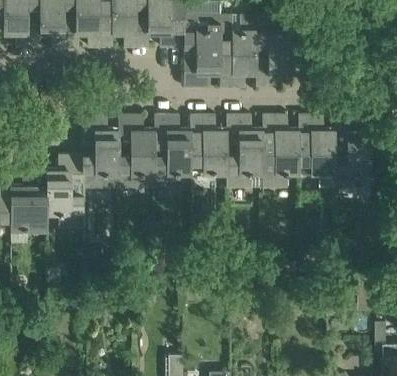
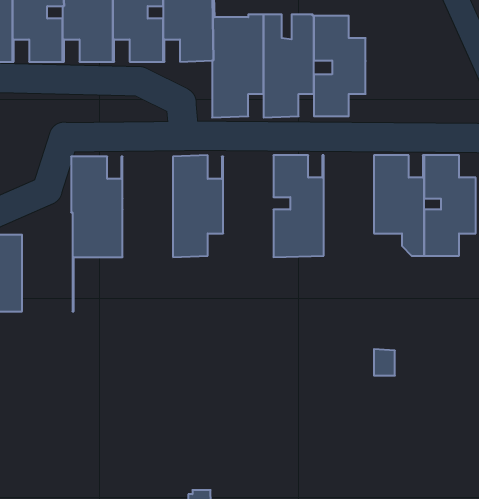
building: [190,115,226,171] -> none
building: [262,115,298,187] -> none
building: [118,116,154,188] -> none
building: [46,156,82,227] -> none

